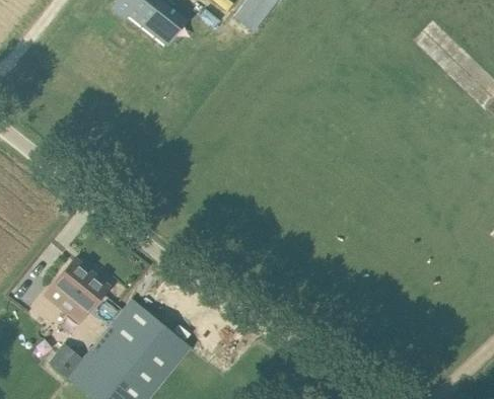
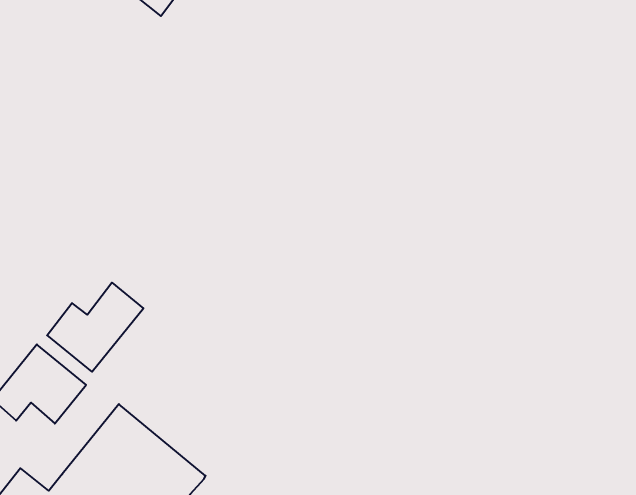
building: none -> [47,283,143,372]

